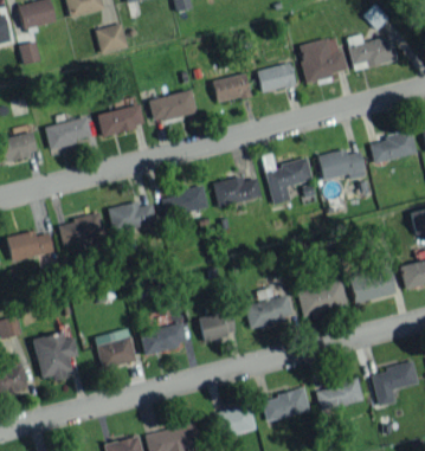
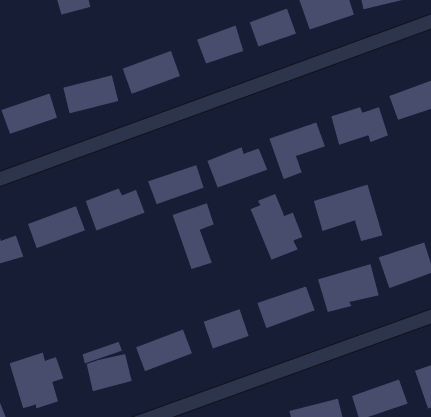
building: none -> [313,184,383,242]
building: none -> [250,193,303,260]
building: none -> [172,202,214,270]

